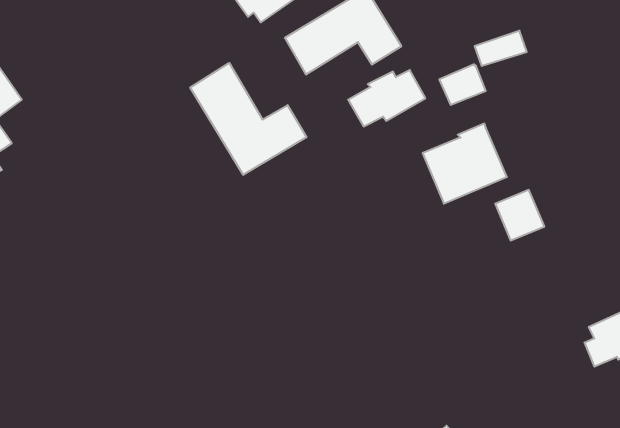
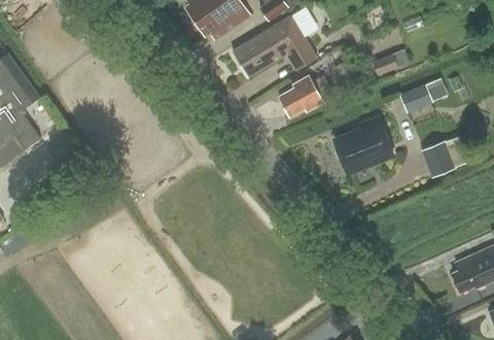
building: [190,63,306,175] -> none
building: [439,64,486,105] -> [399,84,433,114]
building: [495,190,544,241] -> [420,142,456,179]

